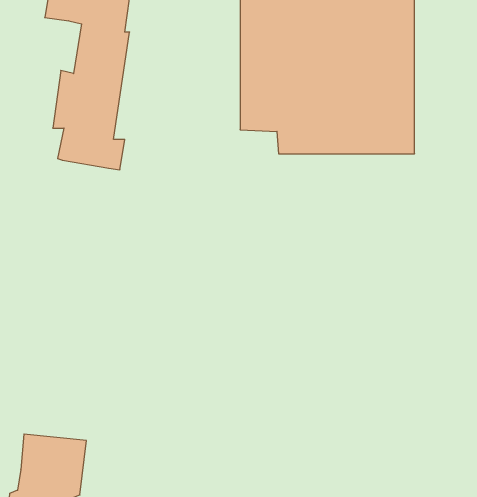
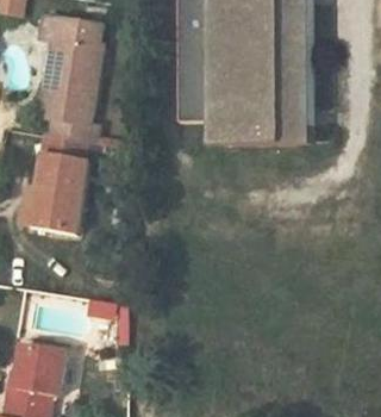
building: none -> [32,141,86,234]

